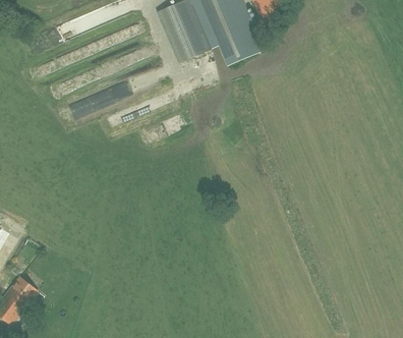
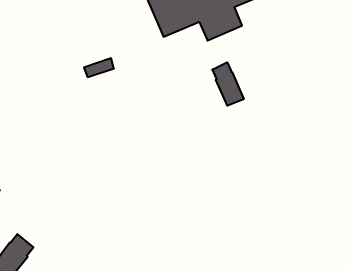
building: none -> [212,62,244,106]

